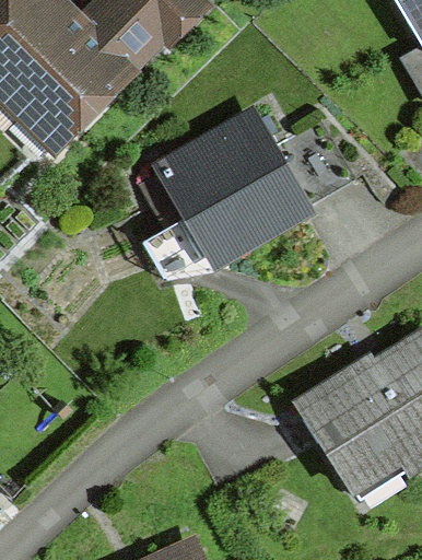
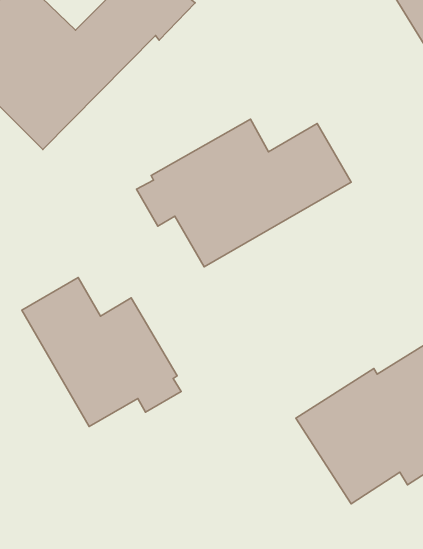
building: none -> [22,278,181,427]

